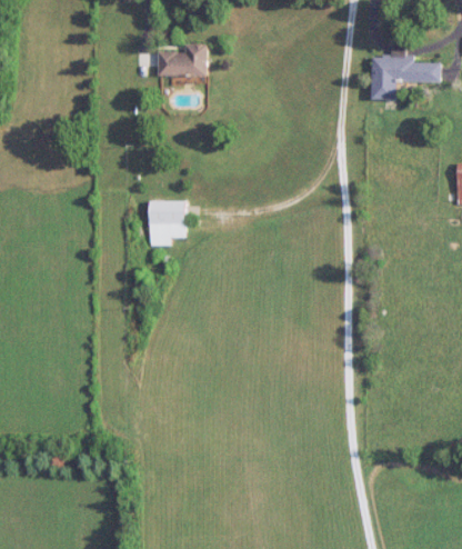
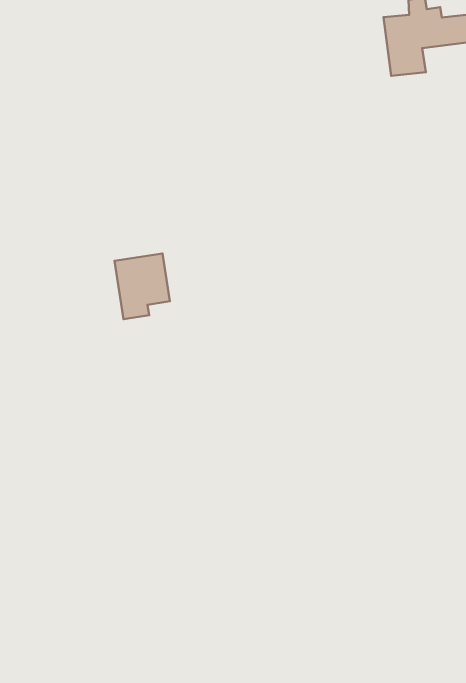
building: [158,44,205,77] -> none

